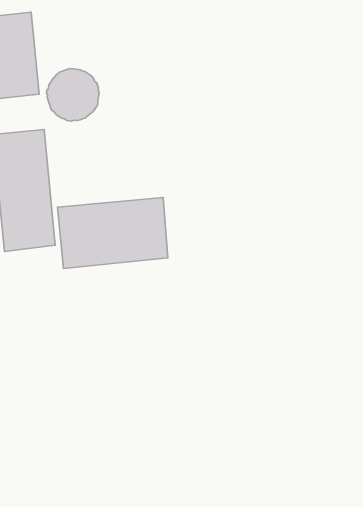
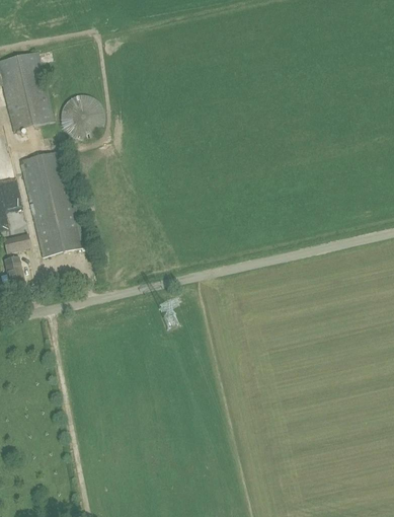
building: [58,197,168,269] -> none

